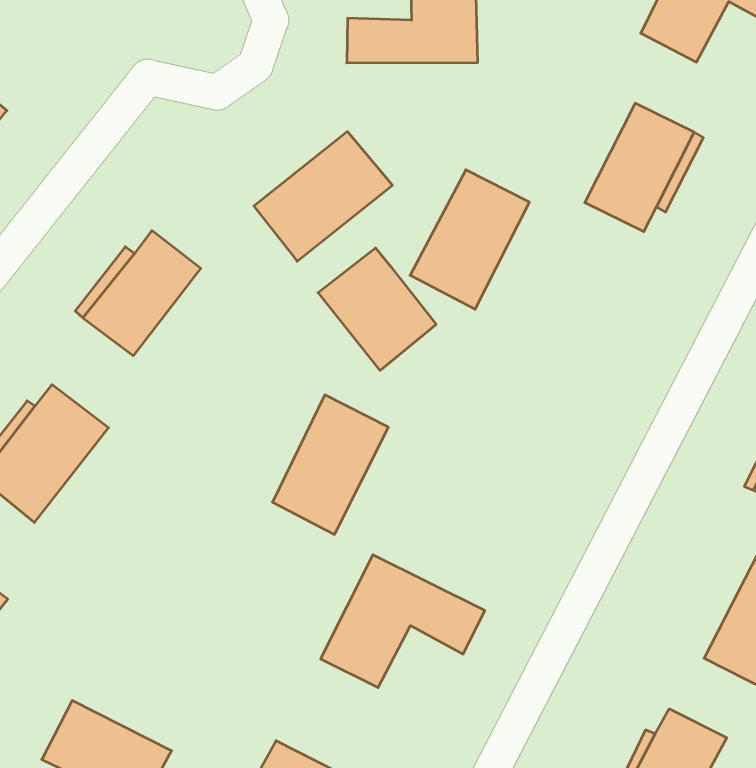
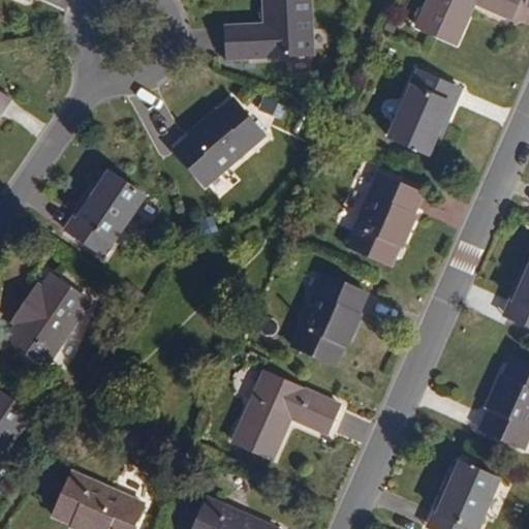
building: [410,170,529,309] -> [346,176,421,266]
building: [318,248,436,370] -> none
building: [272,395,388,534] -> [293,275,366,365]

